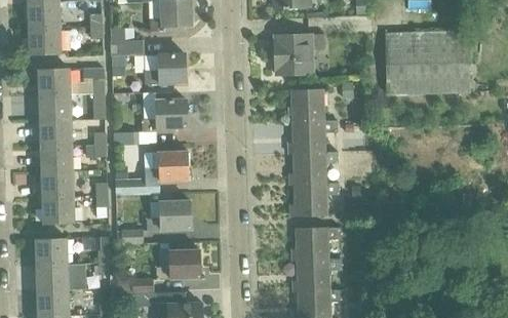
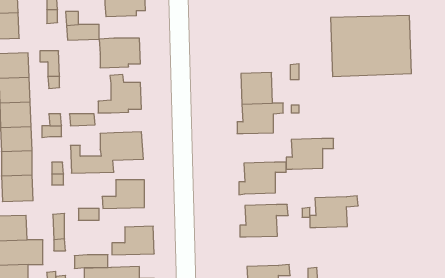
building: [275,34,324,75] -> none
building: [288,152,338,184] -> [286,139,334,169]
building: [291,259,342,291] -> [310,196,358,227]

